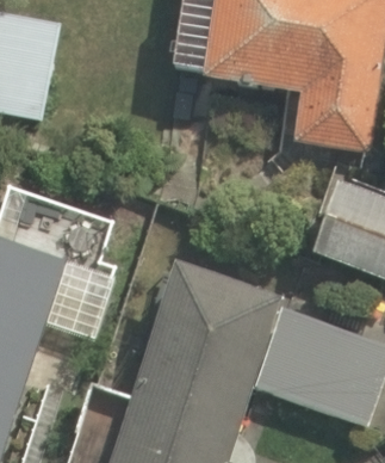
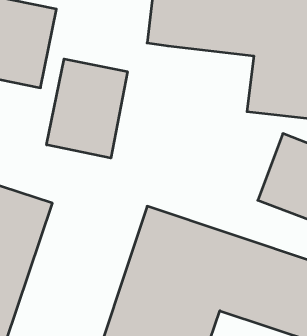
building: none -> [47,59,127,158]

